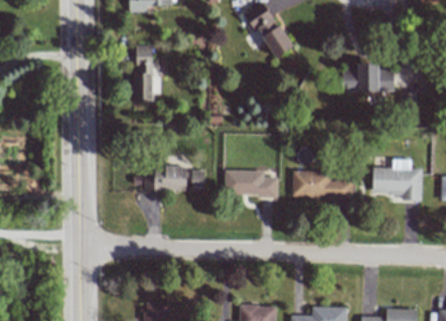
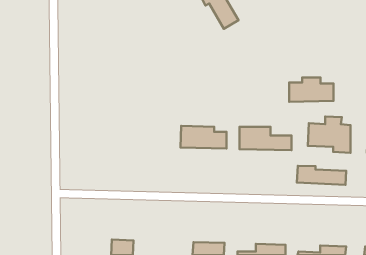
building: [134,45,154,102] -> none
building: [343,63,395,92] -> [289,77,334,102]
building: [145,166,206,192] -> none
building: none -> [297,166,346,185]

